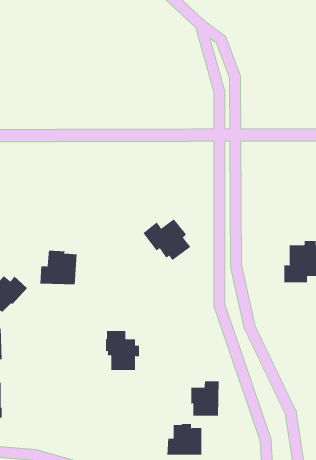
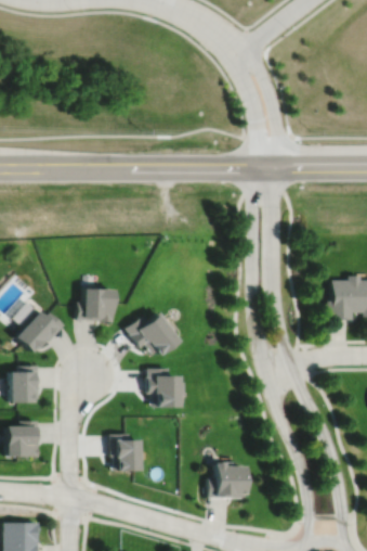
building: [142,218,191,261] -> [127,312,176,356]
building: [191,381,219,416] -> none
building: none -> [112,434,143,473]

